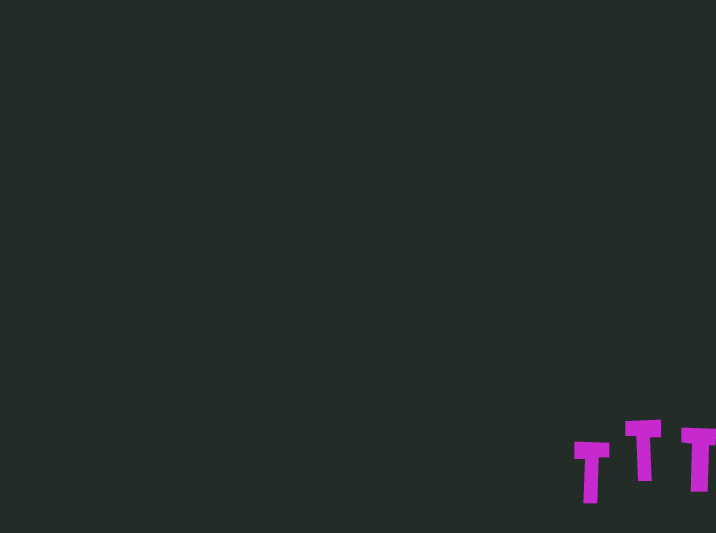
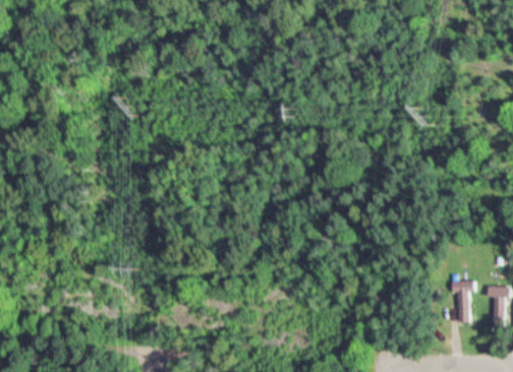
building: [574,441,610,504] -> none

